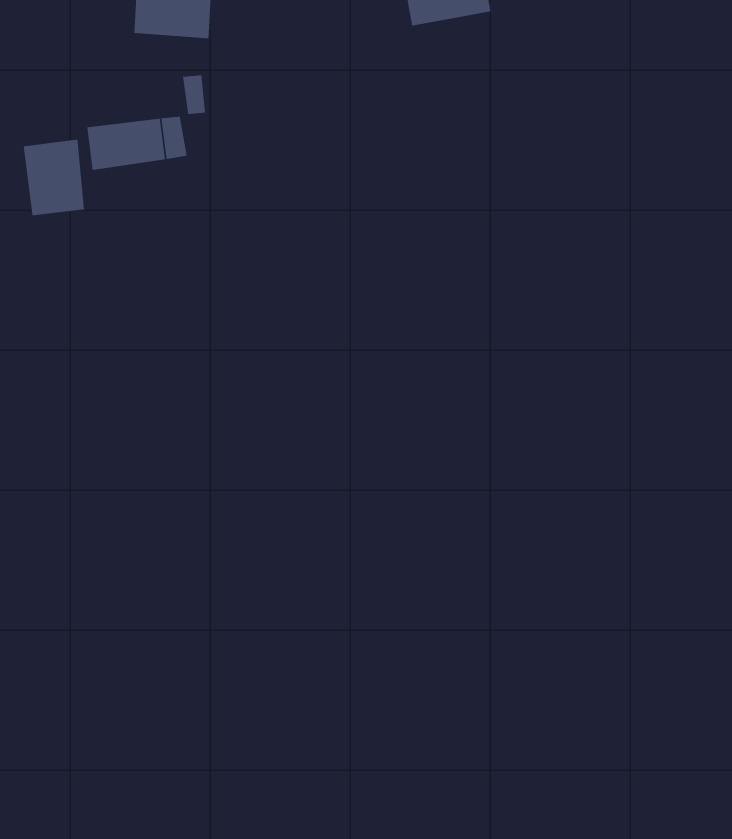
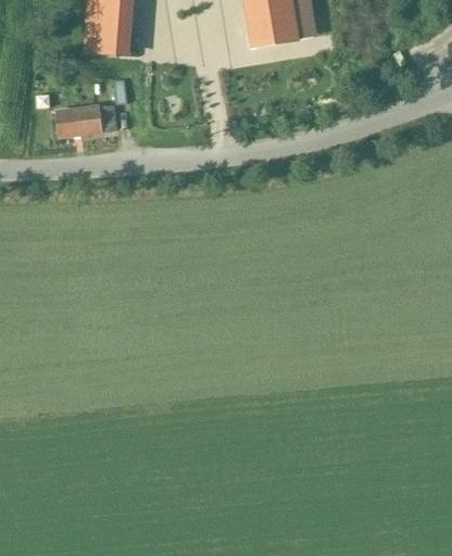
building: [23,139,85,216] -> none

